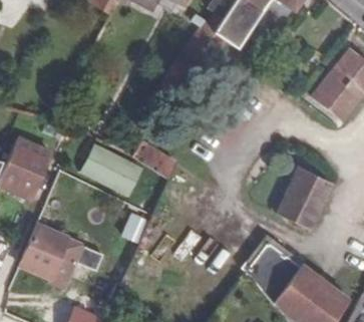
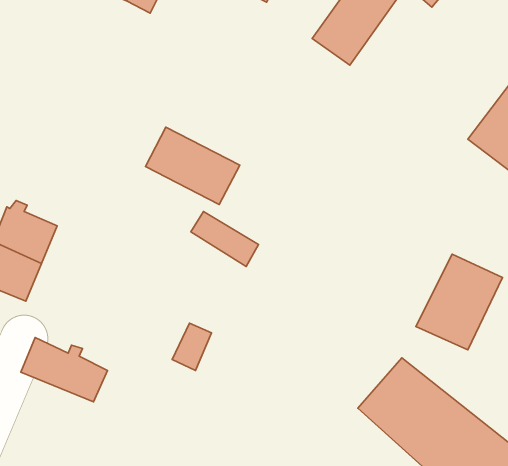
building: [83,146,143,196] -> [145,127,240,204]
building: [19,244,73,288] -> none

